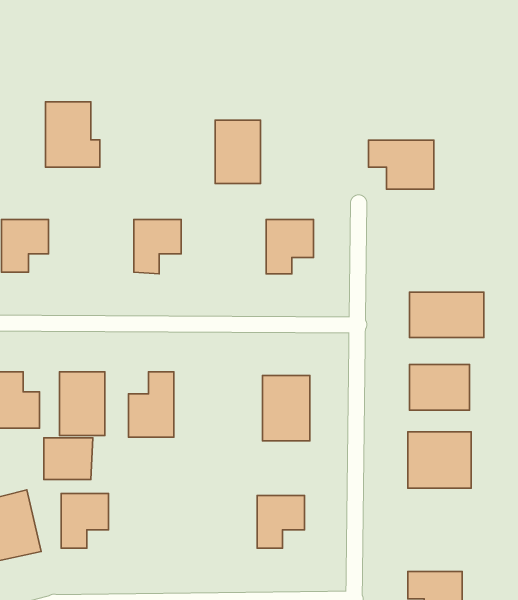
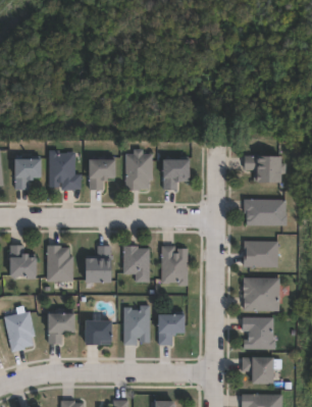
building: [45,102,100,167] -> [50,152,81,189]
building: [215,120,260,184] -> [125,153,151,189]
building: [368,140,434,189] -> [244,155,280,183]
building: none -> [123,247,150,281]
building: [44,438,93,479] -> [85,320,112,344]
building: none -> [123,306,150,344]
building: none -> [243,317,274,349]

